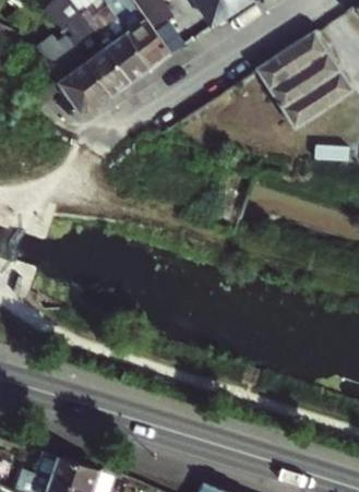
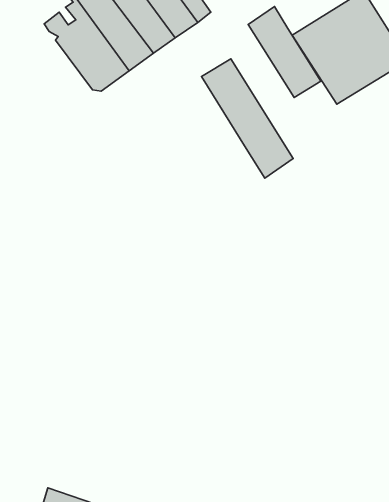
building: none -> [248,7,321,98]
building: none -> [202,59,293,178]

